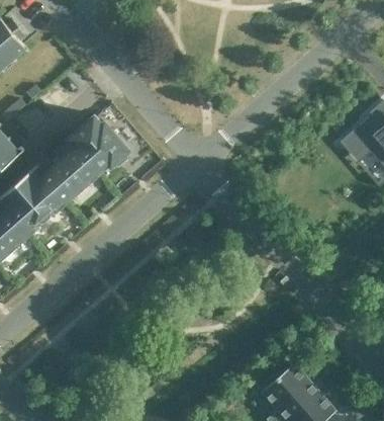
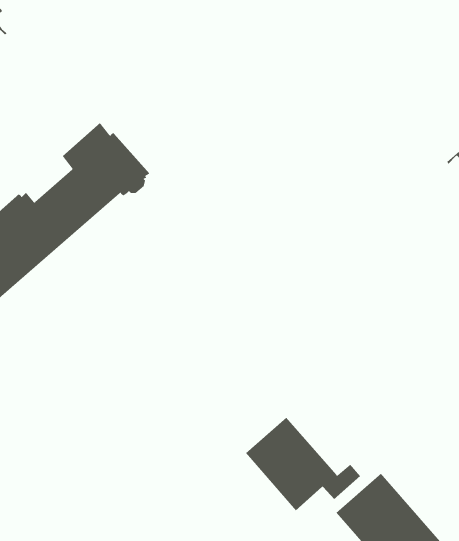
building: none -> [245,417,361,511]

